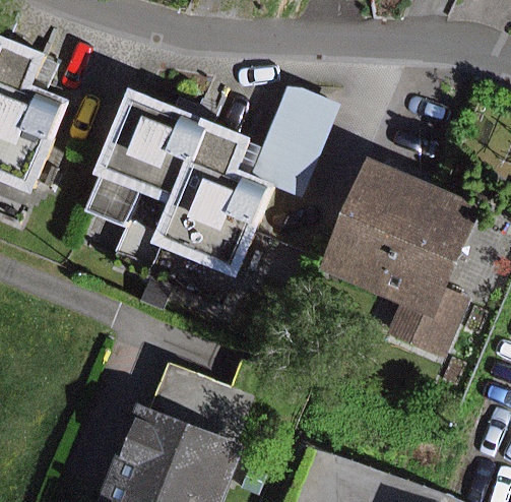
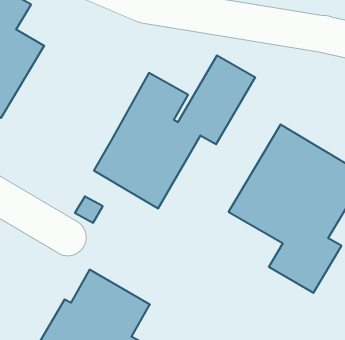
building: [78,88,203,230] -> none

